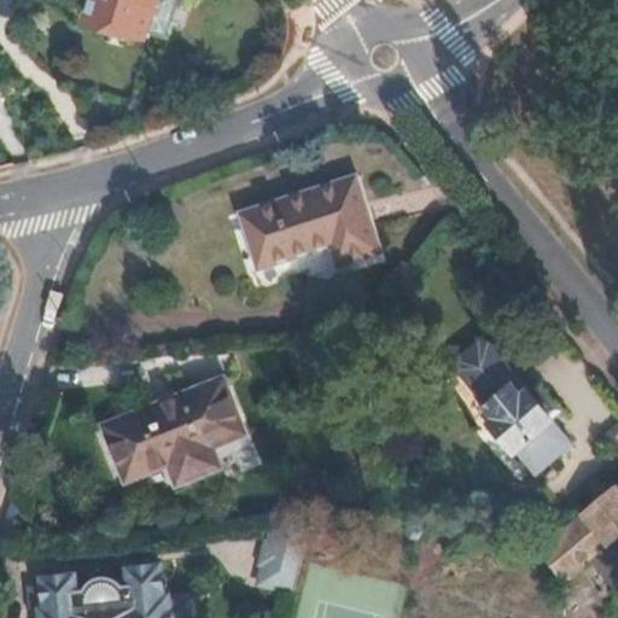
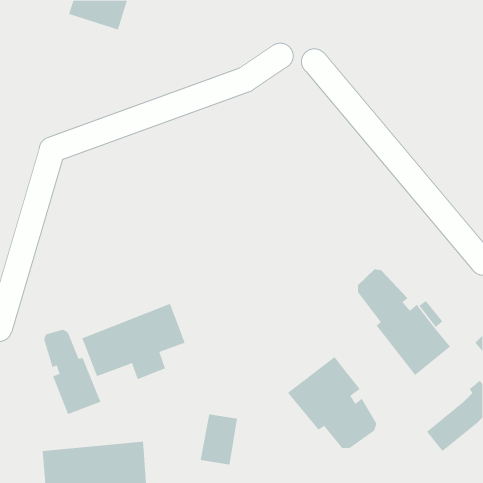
building: [229,175,369,267] -> none
building: none -> [43,329,101,415]
building: none -> [287,356,377,449]

